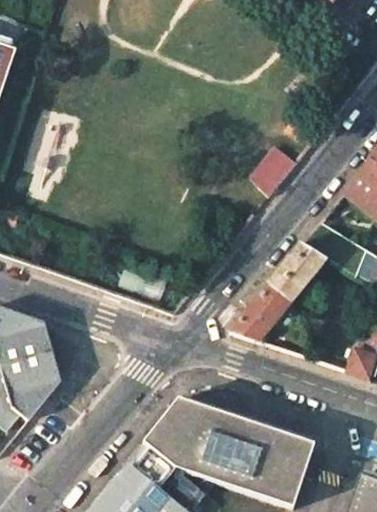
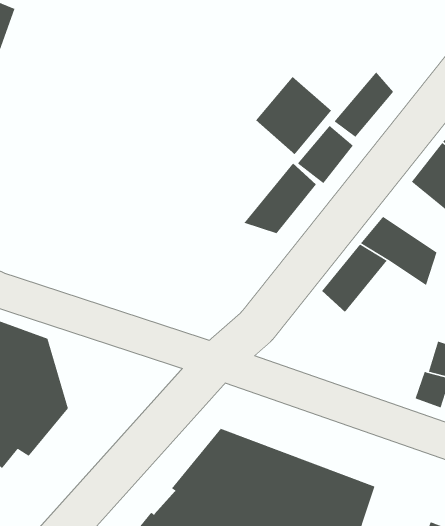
building: none -> [333,71,394,138]
building: none -> [255,76,332,155]
building: [228,283,289,342] -> [243,163,317,234]

